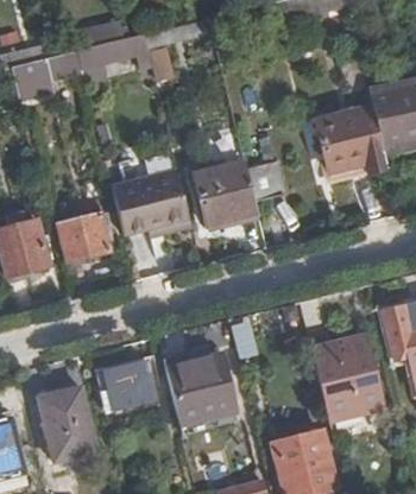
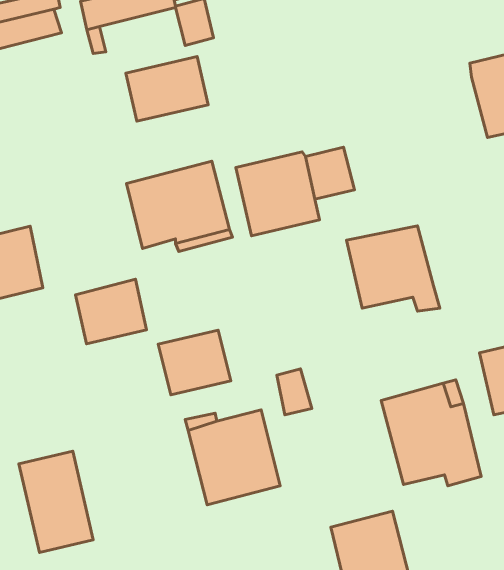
building: none -> [126,56,208,121]
building: [320,106,390,170] -> [346,226,440,311]
building: [58,213,112,261] -> [75,279,147,344]
building: [97,362,152,411] -> [158,330,231,395]

